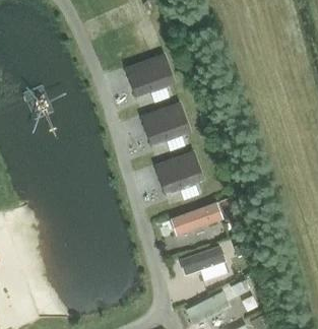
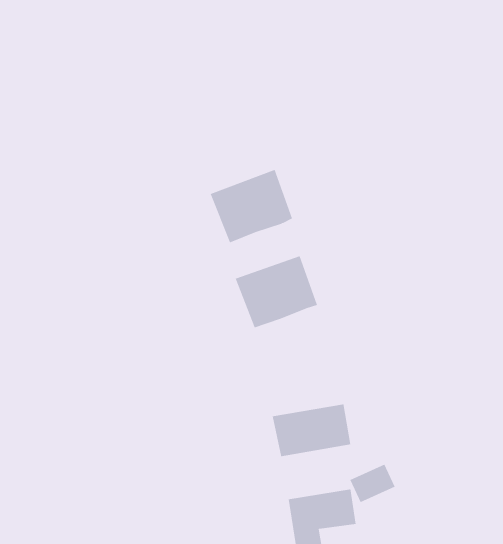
building: [128,61,176,103] -> none
building: [166,200,222,234] -> none

